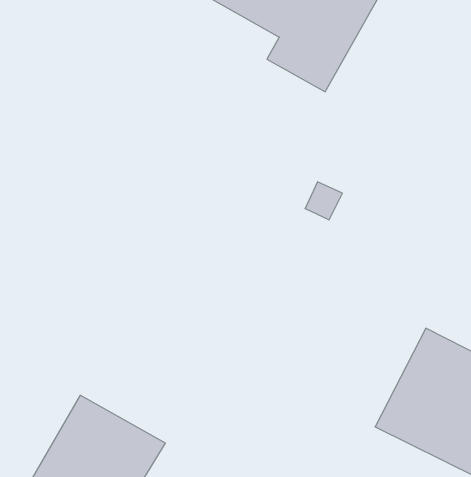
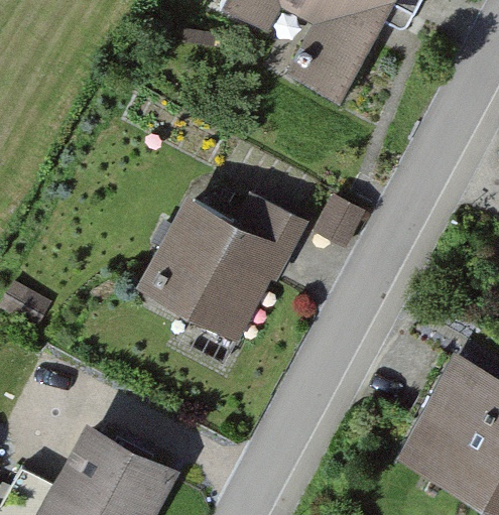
building: none -> [136,191,314,349]

